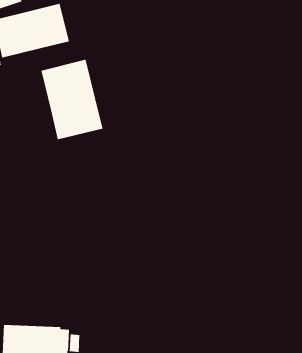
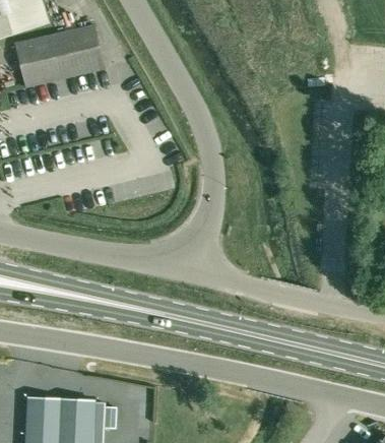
building: [41,59,103,140] -> none

